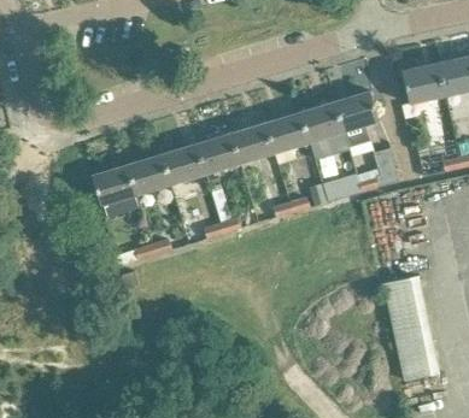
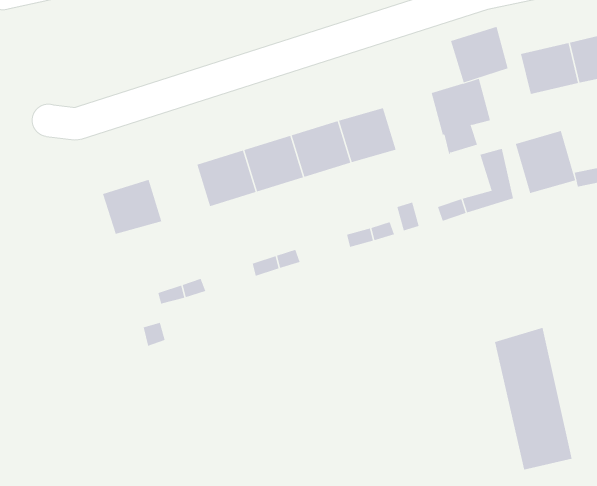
building: [300,101,344,143] -> [450,26,509,83]
building: none -> [515,130,576,194]
building: [127,154,171,196] -> none

